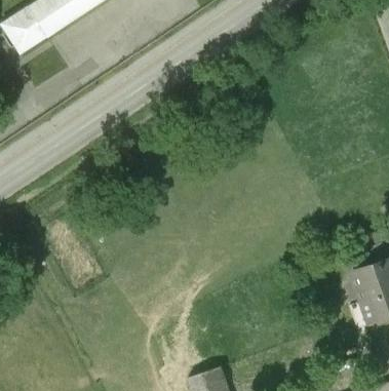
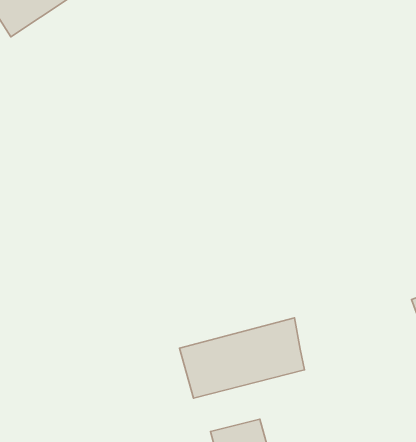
building: none -> [179,318,304,398]

